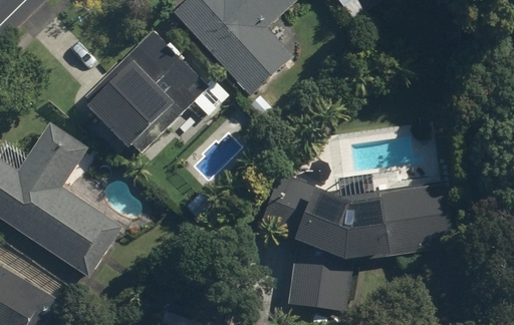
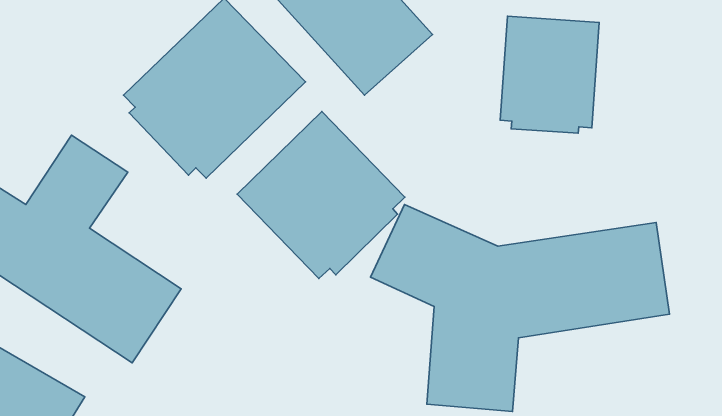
building: none -> [500,16,599,133]
building: none -> [237,112,405,279]

